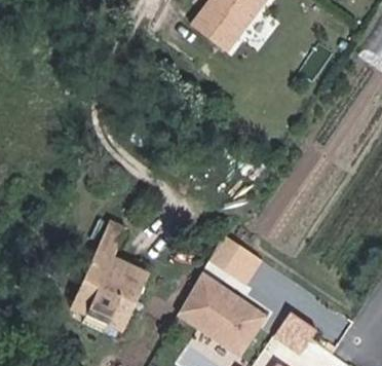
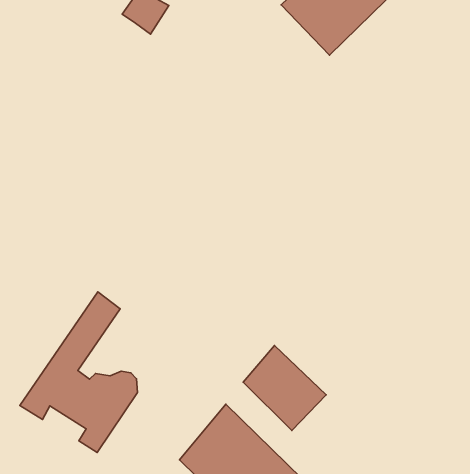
building: [79,295,133,329] -> none

